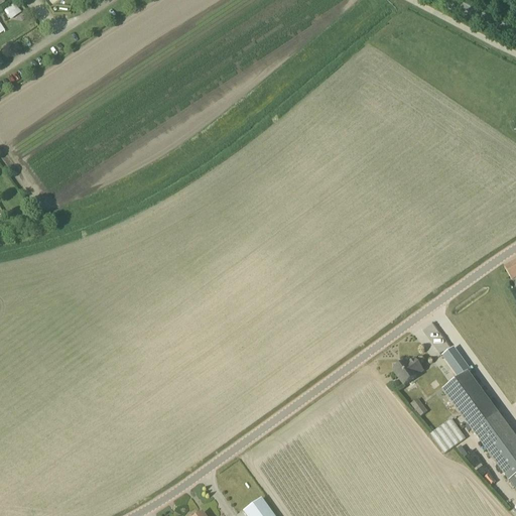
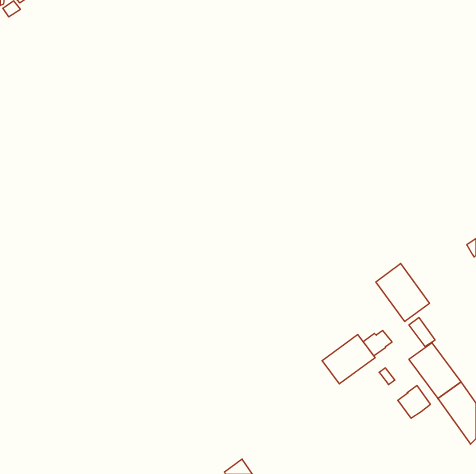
building: none -> [376,263,429,322]
building: none -> [322,335,375,384]

